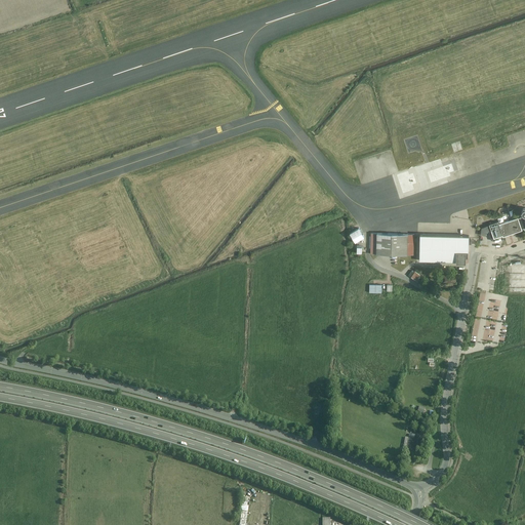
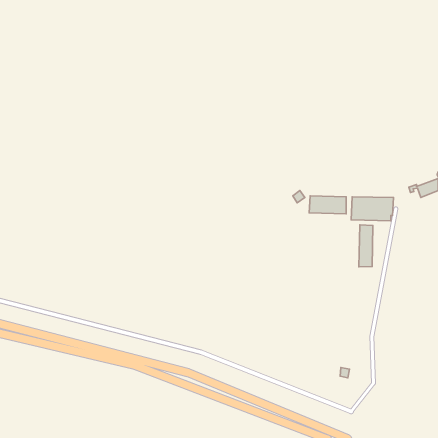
building: none -> [359,225,373,267]

